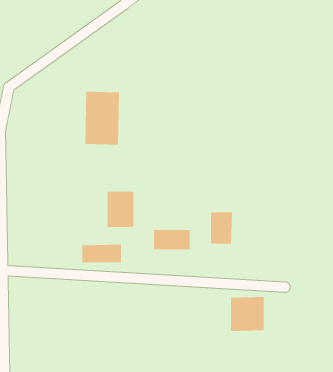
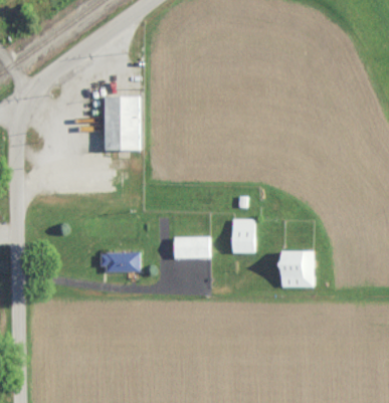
building: [107,191,134,228] -> none
building: [230,296,265,332] -> [278,251,314,287]

